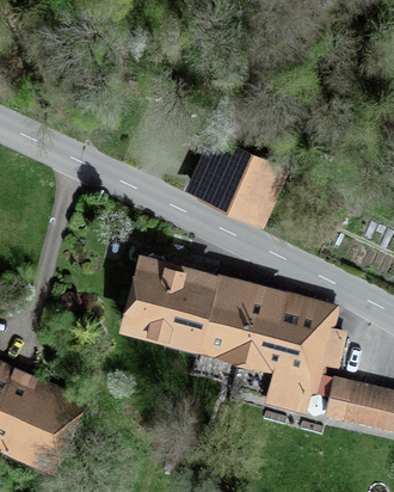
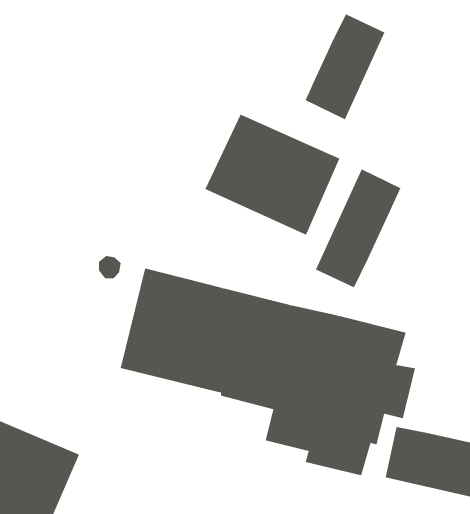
building: none -> [305,14,385,120]
building: none -> [315,168,401,288]

